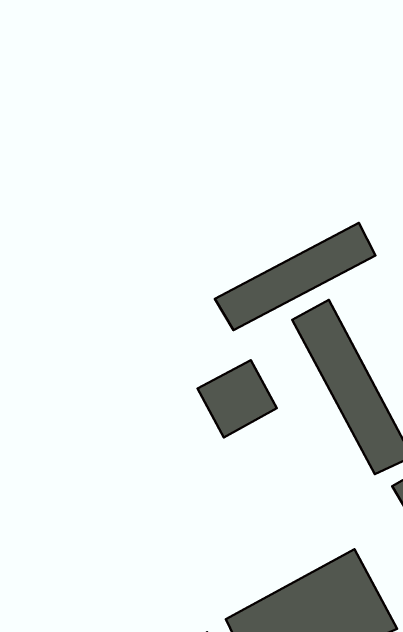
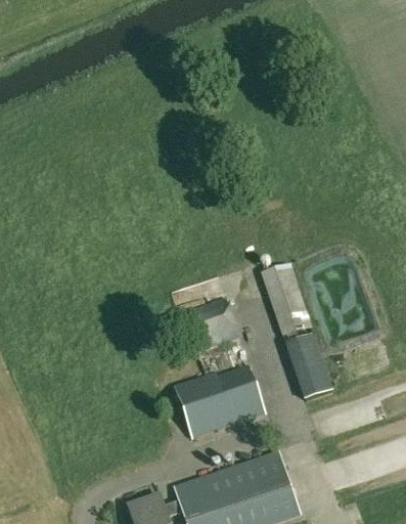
building: [215,223,376,330] -> none
building: none -> [174,365,266,439]

